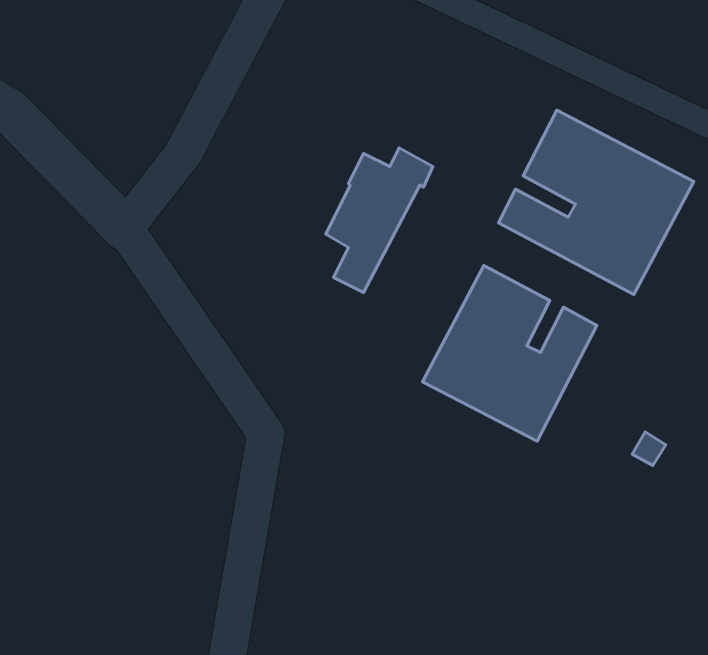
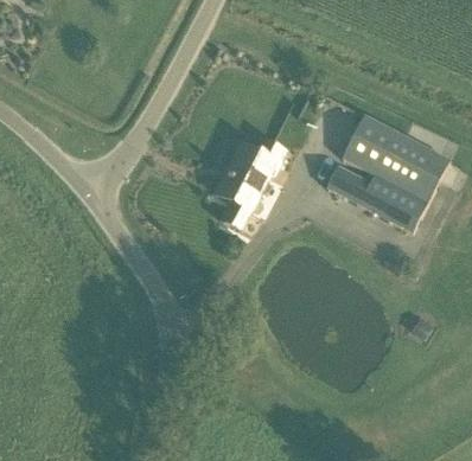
building: [423,265,597,441] -> none

